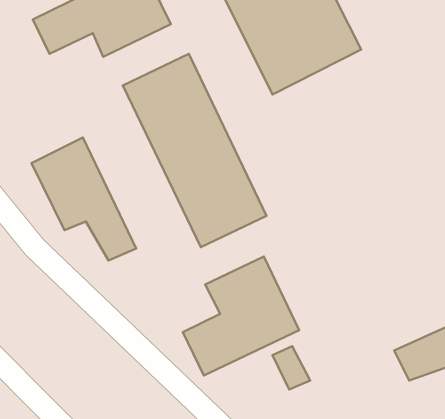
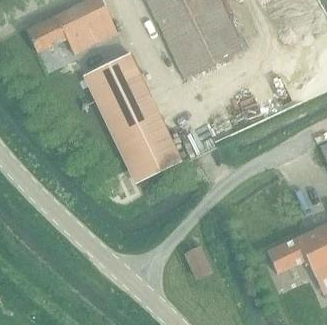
building: [31,137,136,260] -> none
building: [183,257,299,375] -> none

